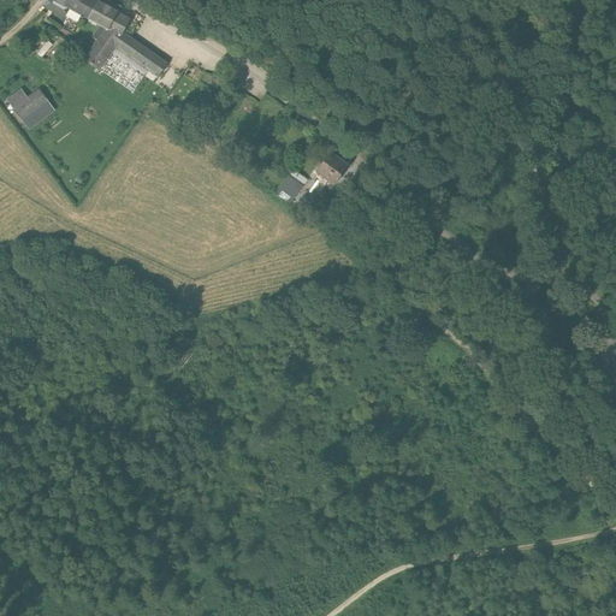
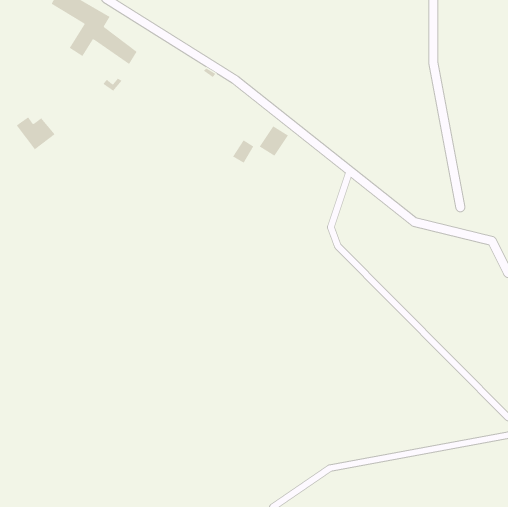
building: [5,87,53,128] -> [16,116,56,150]

